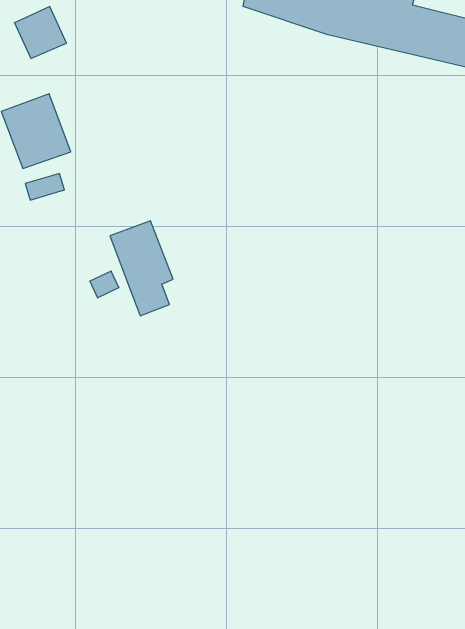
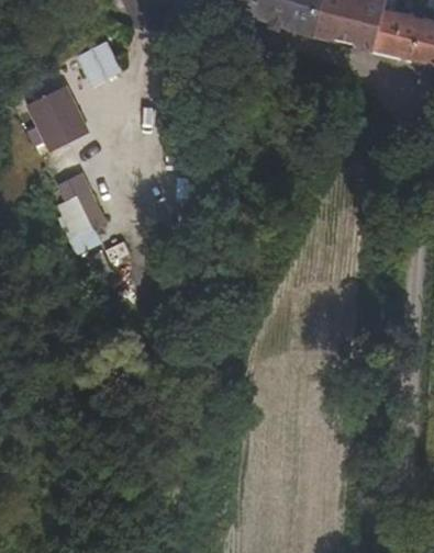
building: [14,7,66,58] -> [76,41,121,86]
building: [110,221,173,316] -> [49,171,104,253]

